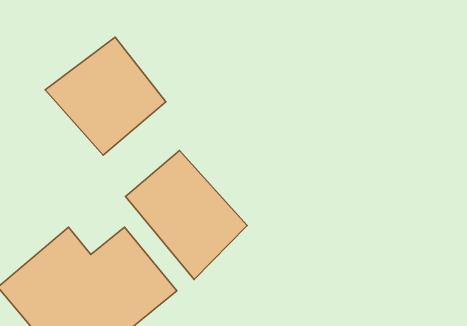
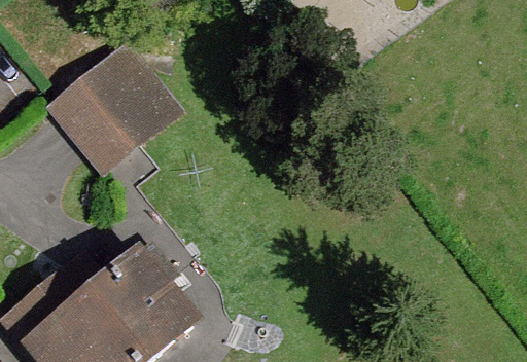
building: [126,150,247,280] -> none

